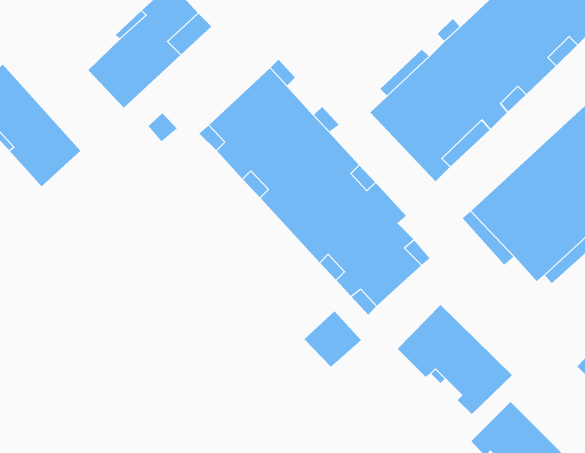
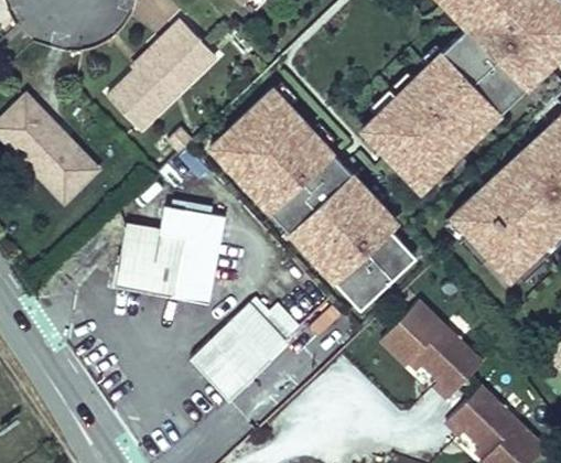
building: none -> [127,208,236,300]
building: none -> [195,295,300,397]

